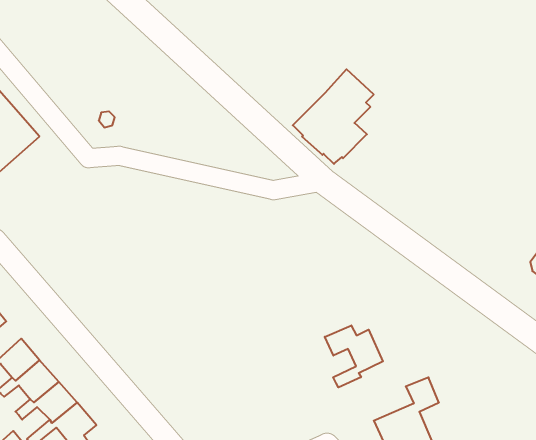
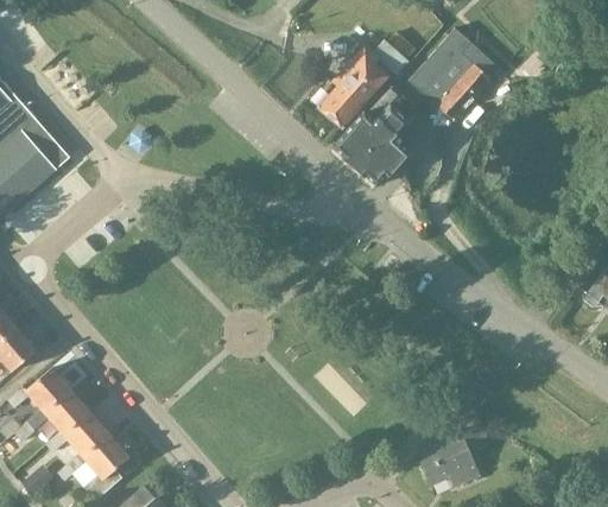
building: none -> [407,26,492,121]
building: none -> [318,39,407,128]
building: [325,325,383,387] -> none

